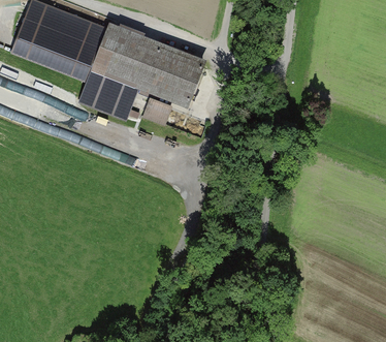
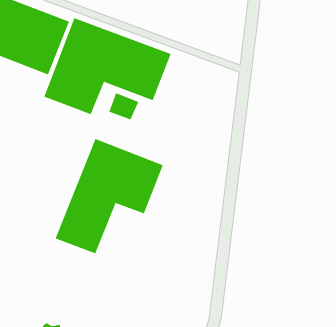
building: none -> [55,138,164,254]

